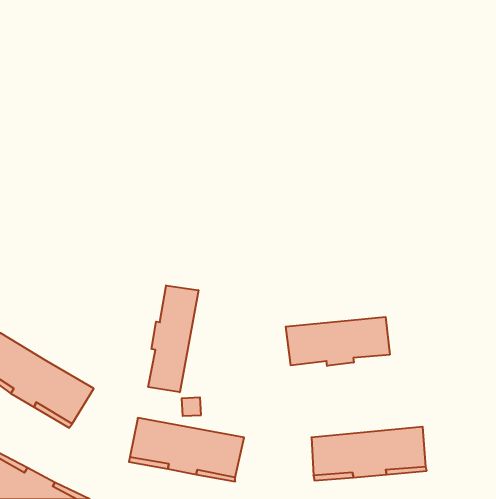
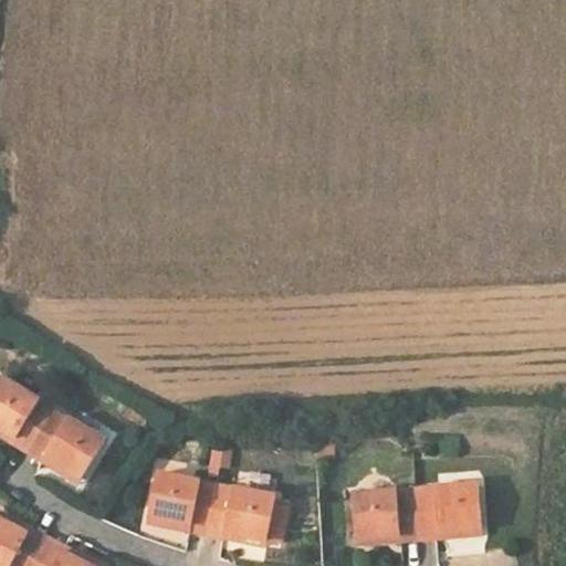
building: [148,285,198,392] -> none
building: [286,317,390,366] -> none

